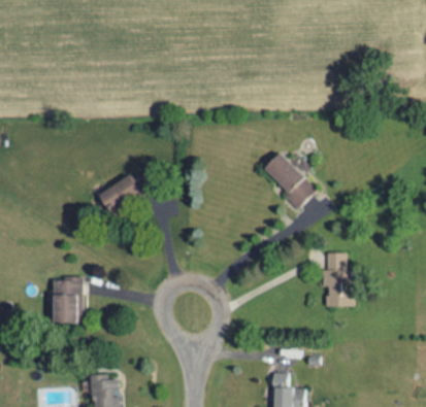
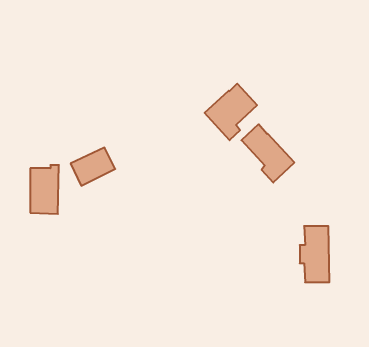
building: none -> [205,84,257,140]
building: [54,276,81,324] -> [30,165,59,214]

